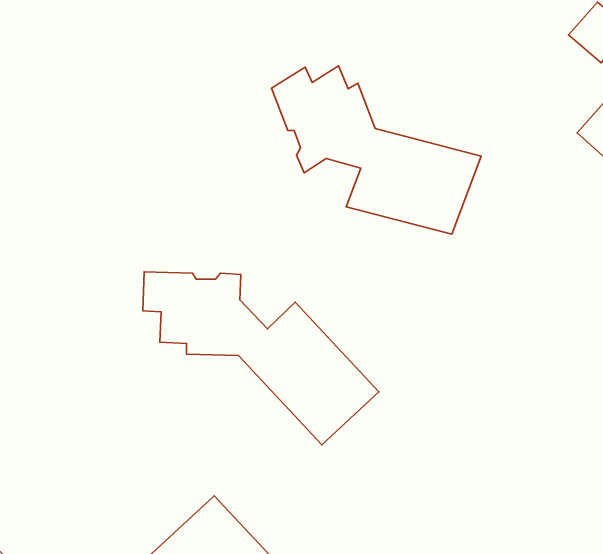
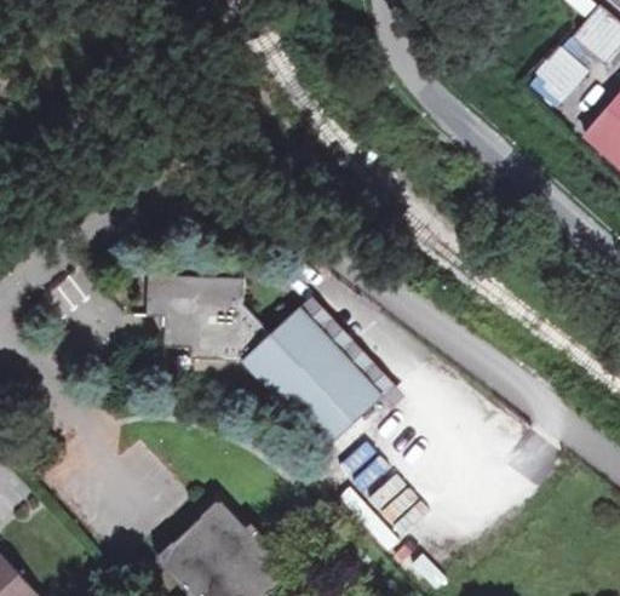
building: [271,66,481,234] -> none

